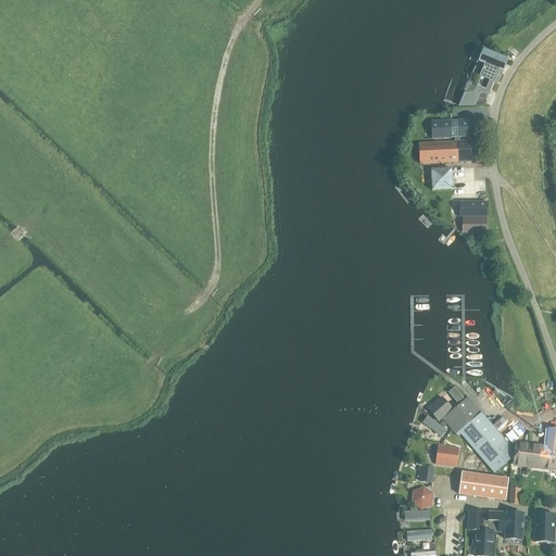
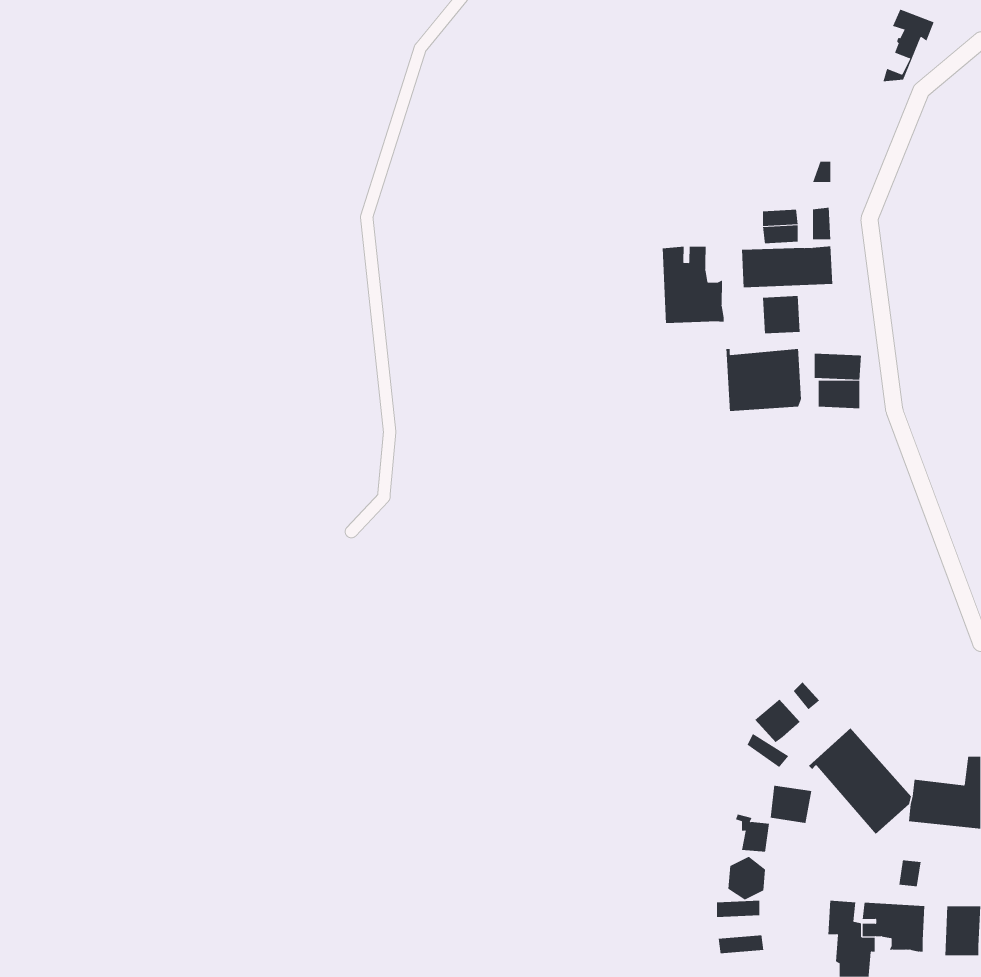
building: [477,51,506,92] -> [883,9,934,82]
building: none -> [662,246,724,324]
building: none -> [726,348,801,412]
building: [443,395,481,433] -> none
building: [459,471,508,500] -> none

